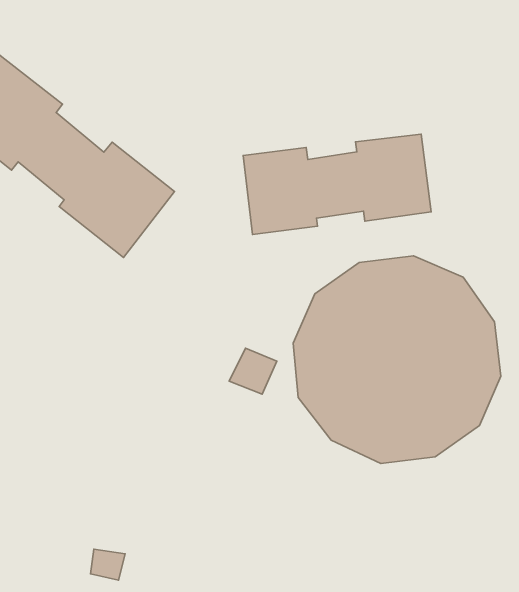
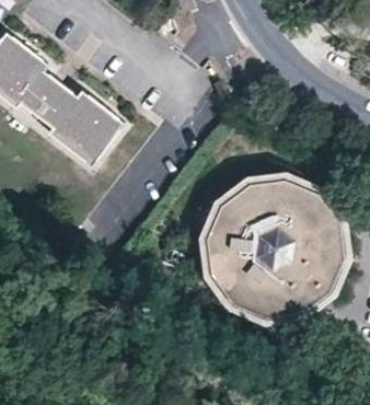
building: [243,134,431,235] -> none

